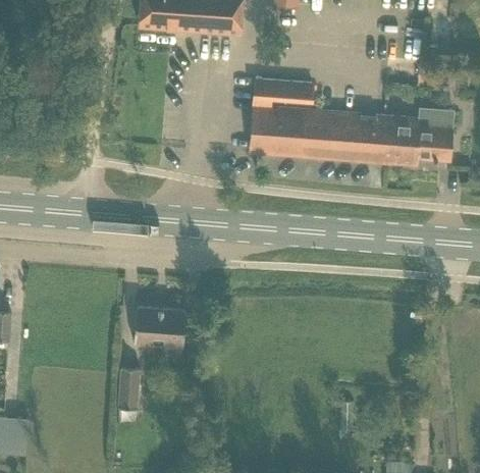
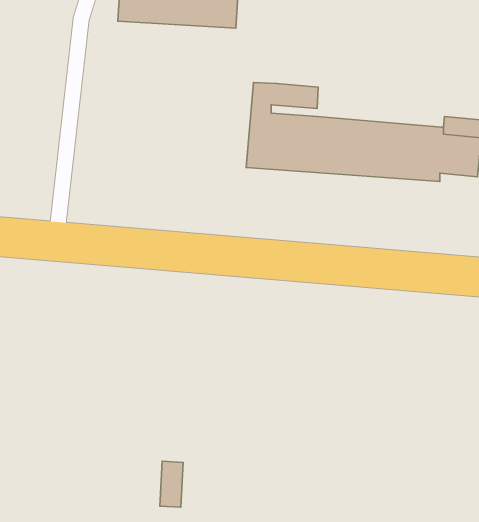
building: [135,307,185,348] -> none
building: [119,367,140,407] -> [160,461,183,507]

